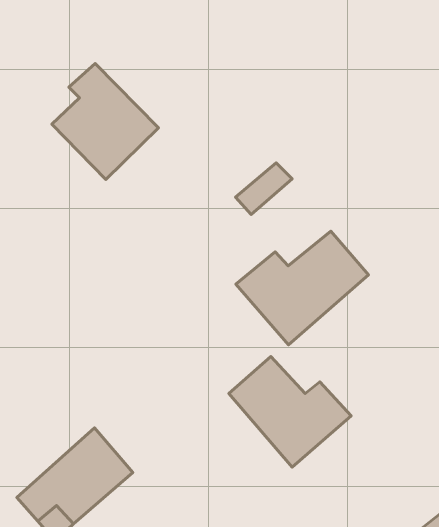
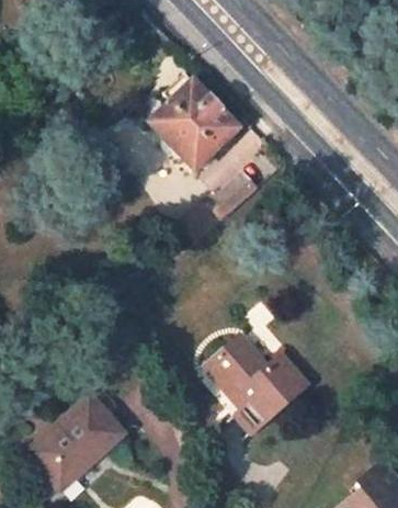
building: [52,63,158,179] -> [150,72,239,169]
building: [236,231,368,345] -> none

